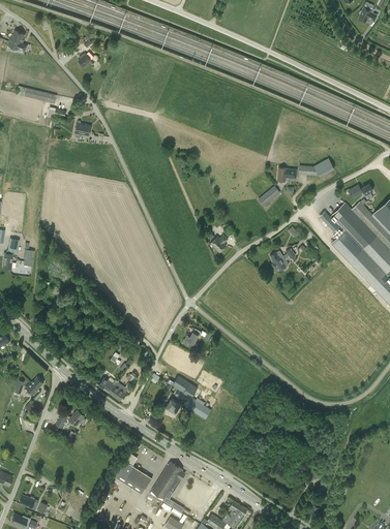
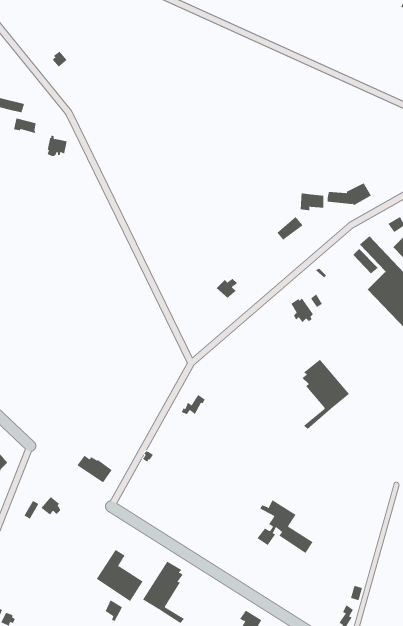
building: none -> [302,359,350,430]
building: [166,375,211,418] -> [257,499,313,554]

